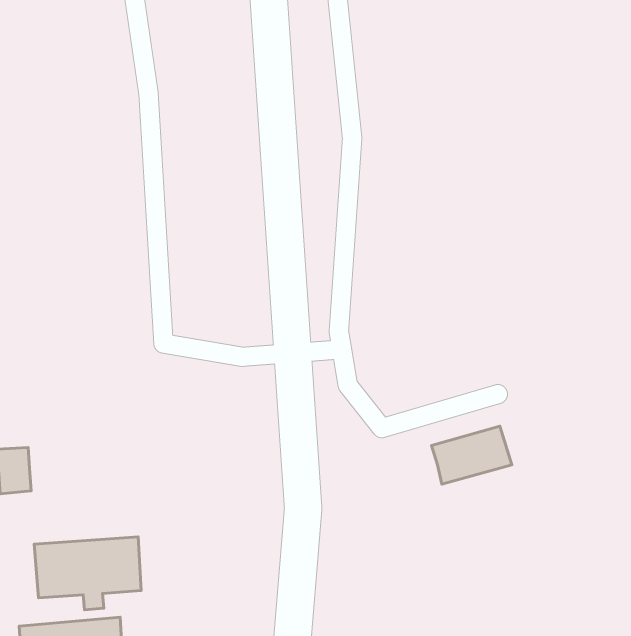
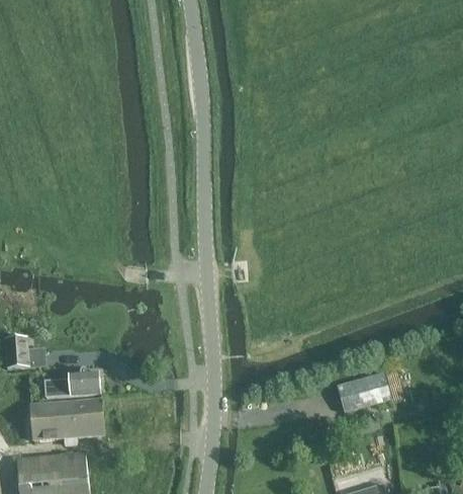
building: [431,426,512,484] -> [335,374,389,413]
building: none -> [42,371,98,397]

